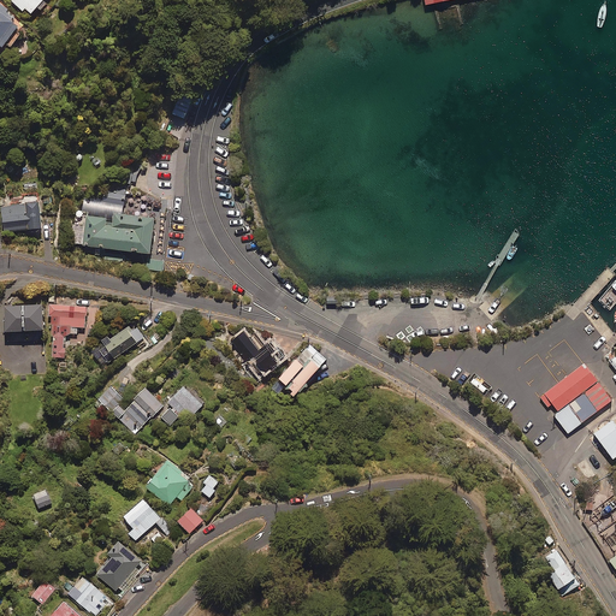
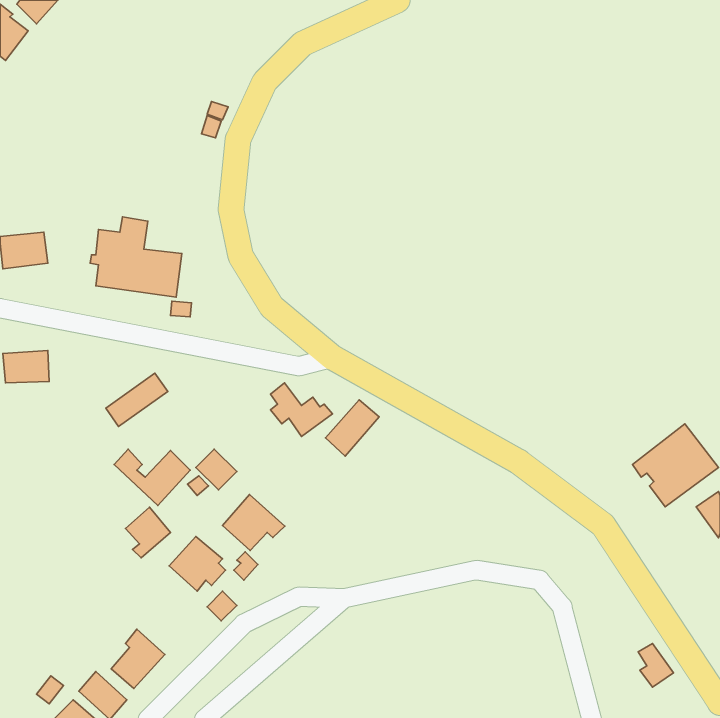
building: [48,304,84,357] -> none
building: none -> [223,495,285,551]
building: [122,497,160,540] -> [126,507,171,558]

